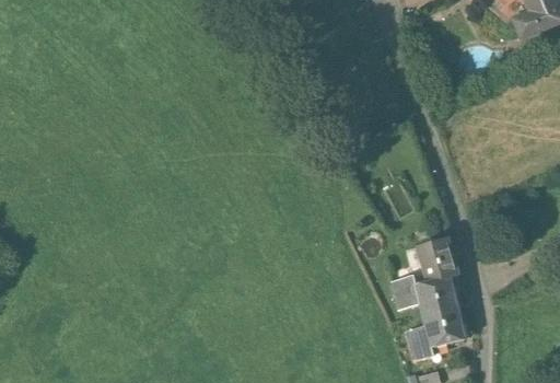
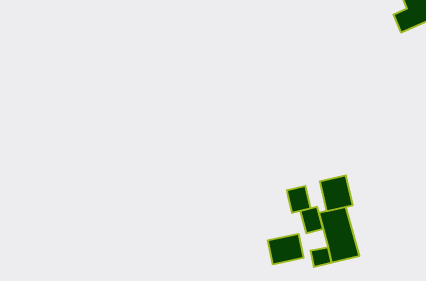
building: none -> [287,186,310,213]
building: none -> [268,234,303,264]

